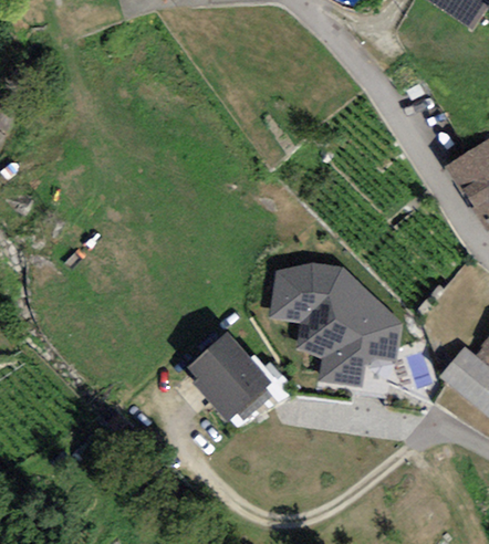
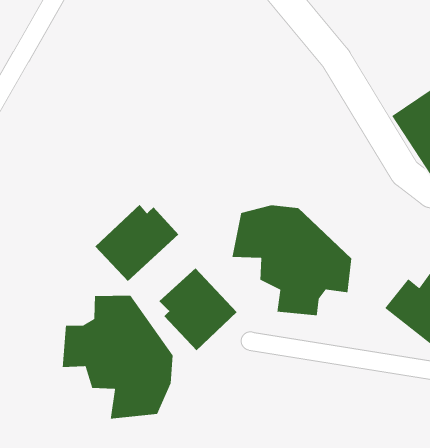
building: none -> [95,204,179,282]
building: none -> [62,295,173,419]

